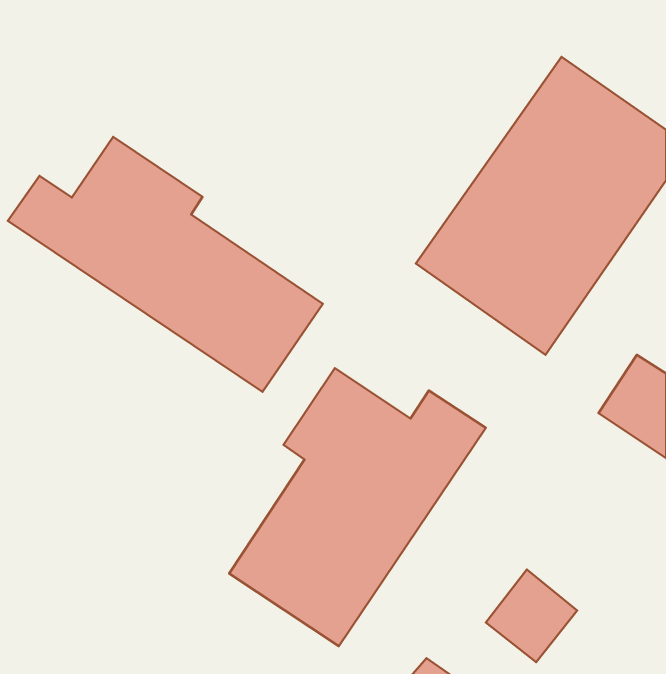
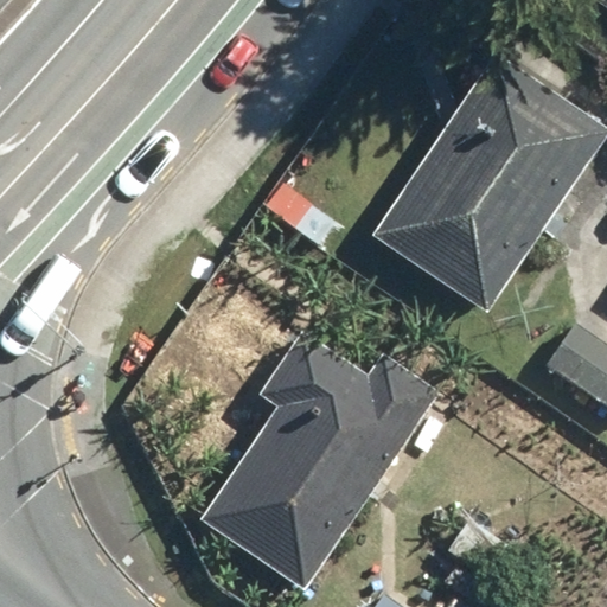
building: [8,137,323,392] -> none

